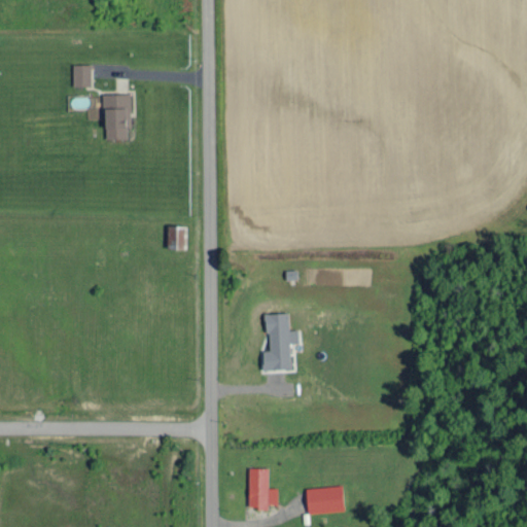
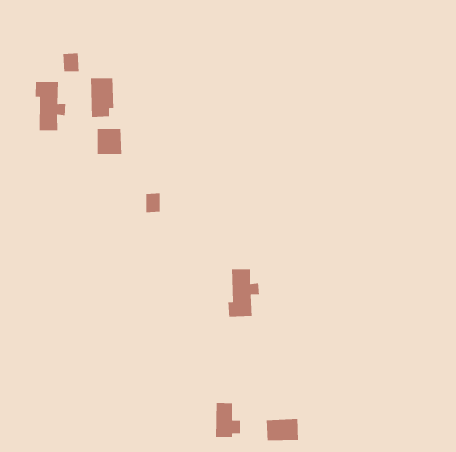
building: none -> [35,81,66,131]
building: none -> [97,128,122,155]

